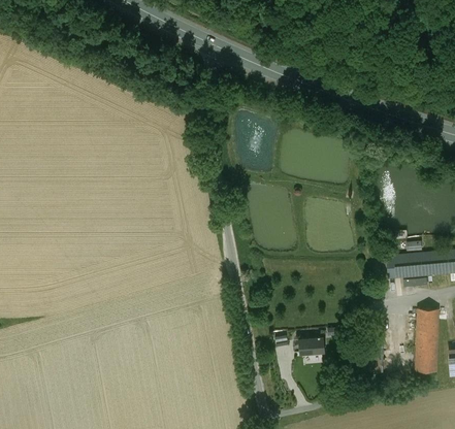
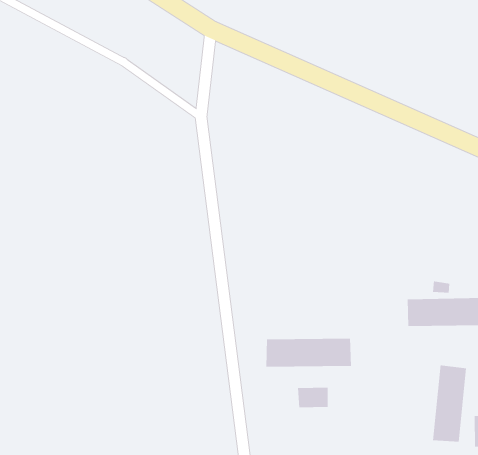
building: none -> [266,338,351,367]

